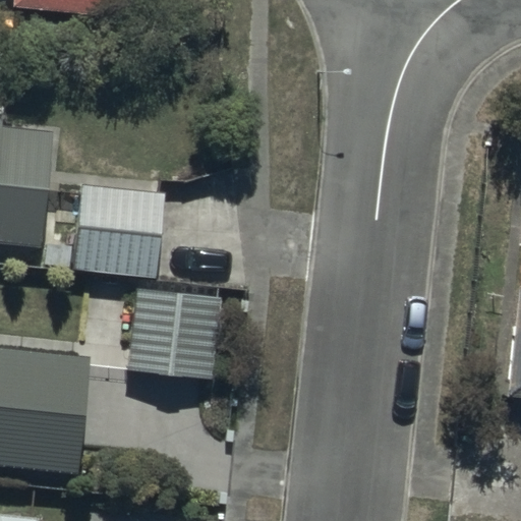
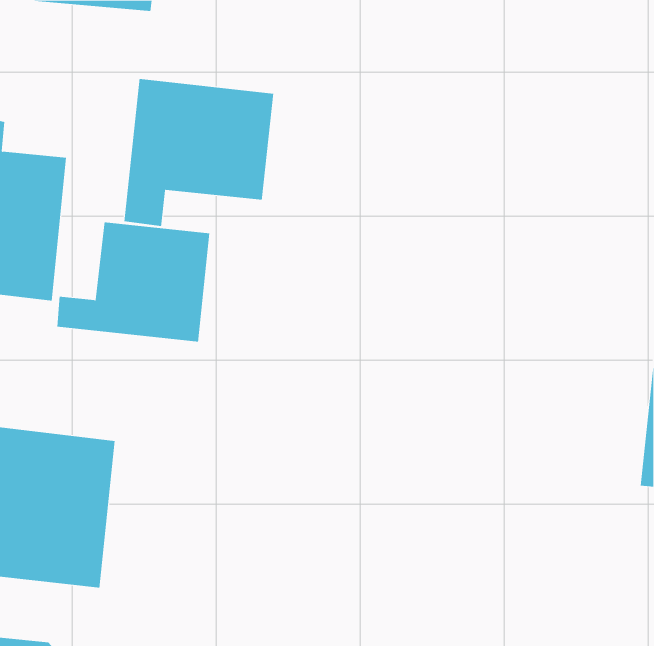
building: none -> [124,78,274,227]
building: [127,291,219,380] -> none

